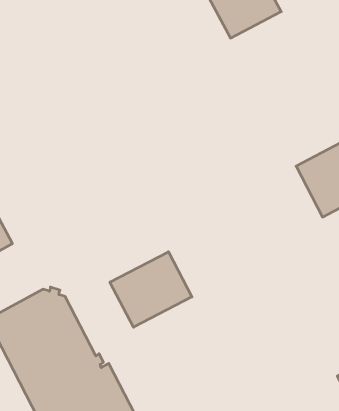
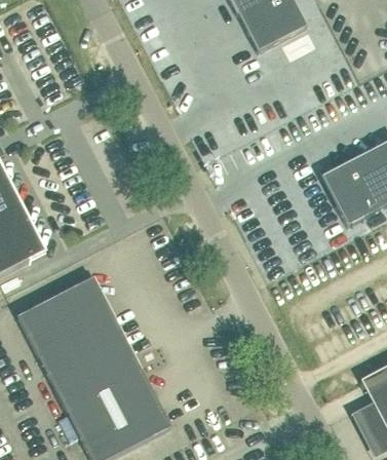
building: [110,252,192,327] -> none

